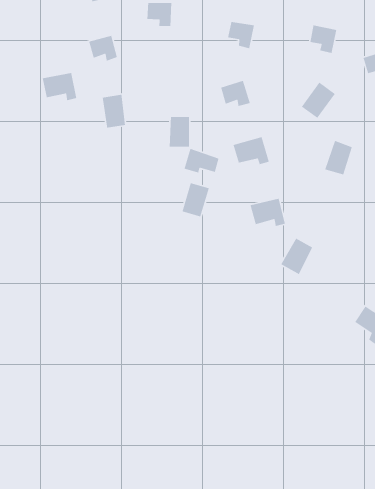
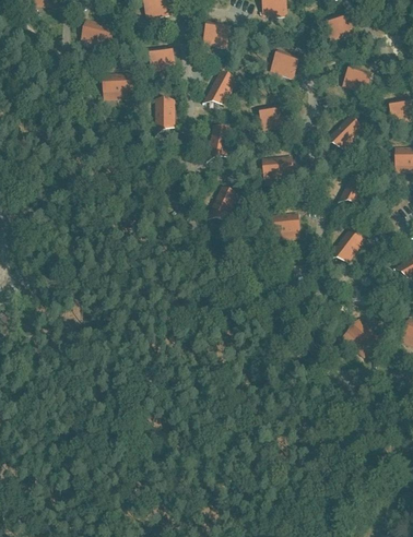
building: none -> [82,21,114,51]
building: none -> [205,72,235,106]
building: [183,148,220,174] -> none
building: [280,237,313,275] -> [331,229,363,263]

